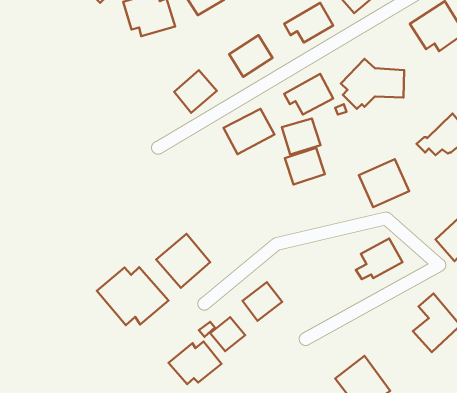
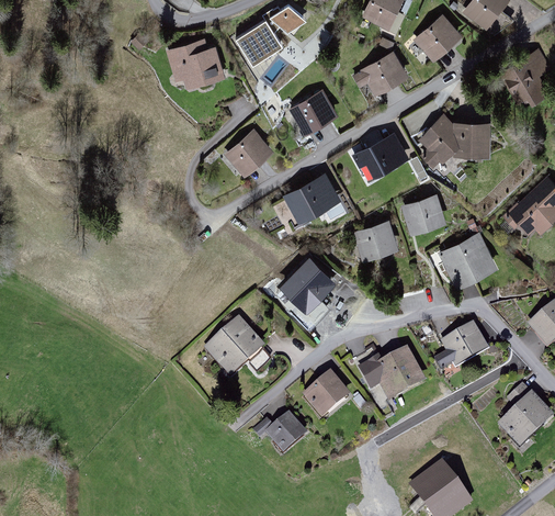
building: [282,119,320,155] -> [401,194,446,236]
building: none -> [278,260,333,315]
building: none -> [358,350,427,403]
building: [97,267,169,325] -> none
building: [169,342,221,384] -> none

